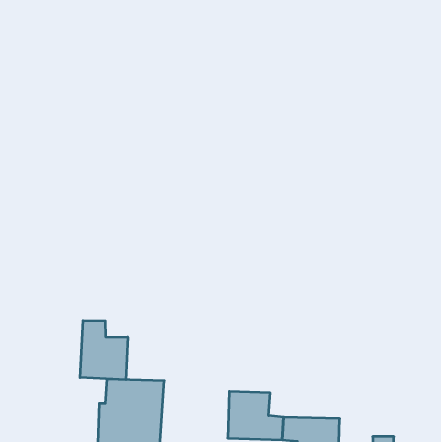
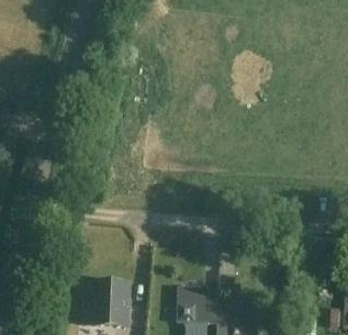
building: [80,321,128,380] -> none

